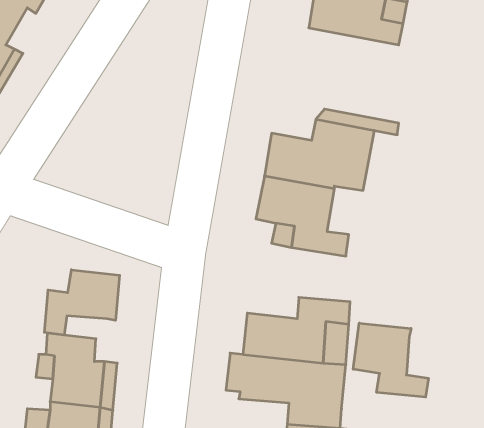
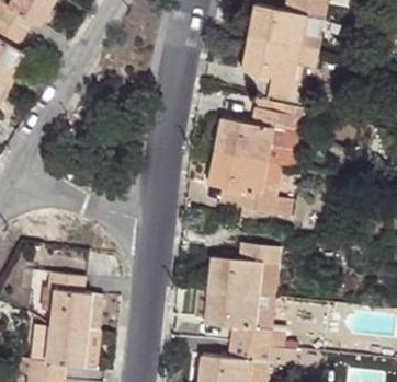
building: none -> [242,37,318,101]
building: [44,270,120,335] -> none
building: [353,323,428,397] -> none

